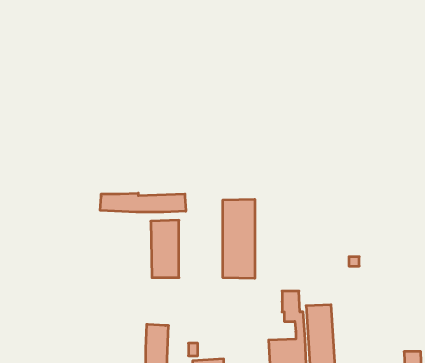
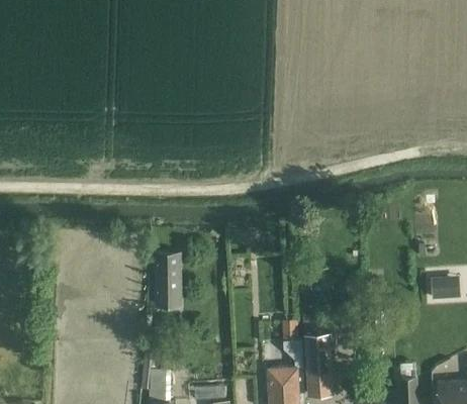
building: [100,193,186,212] -> none
building: [223,199,255,278] -> none

